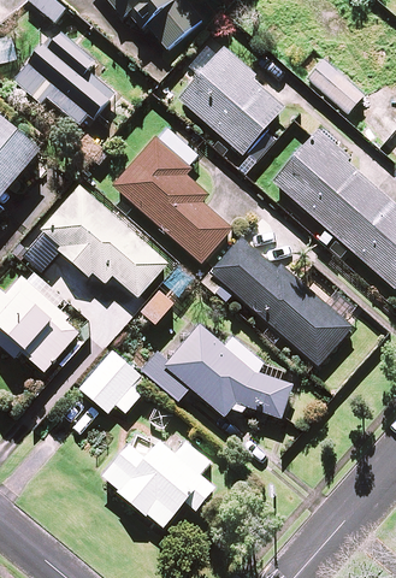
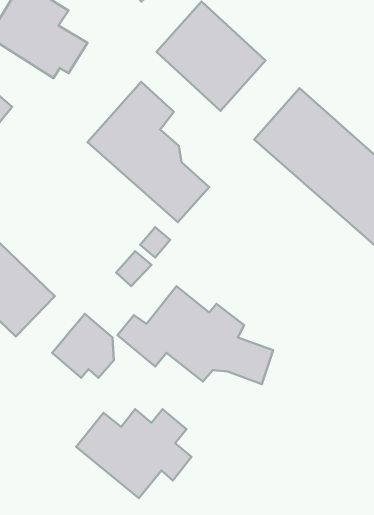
building: [307,58,362,112] -> none
building: [39,185,166,295] -> none
building: [209,236,350,365] -> none

